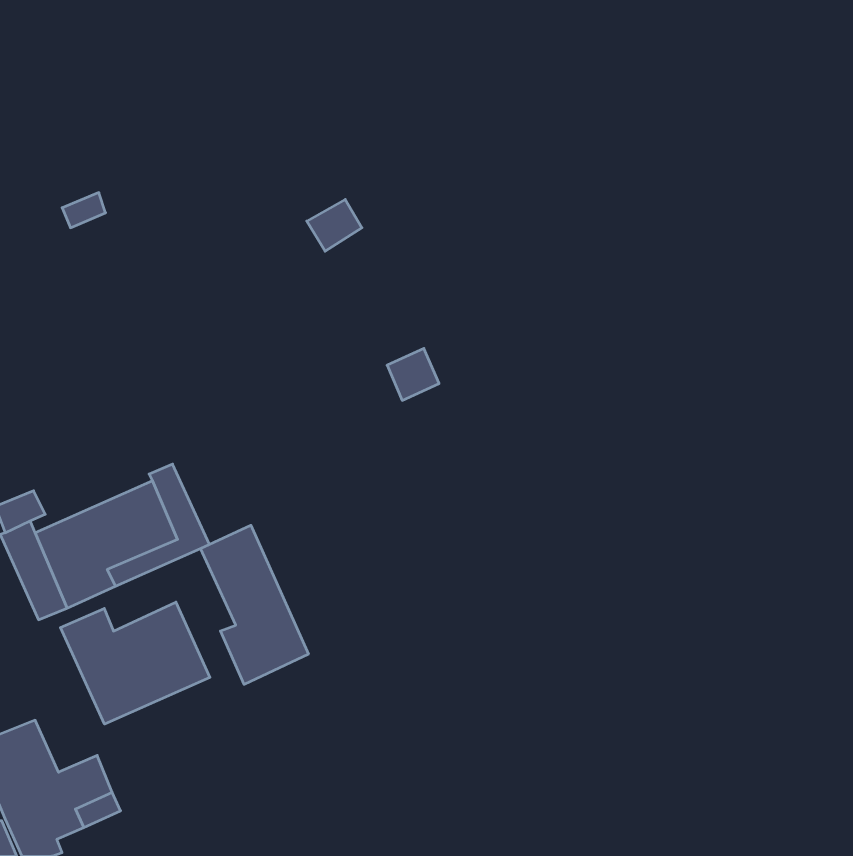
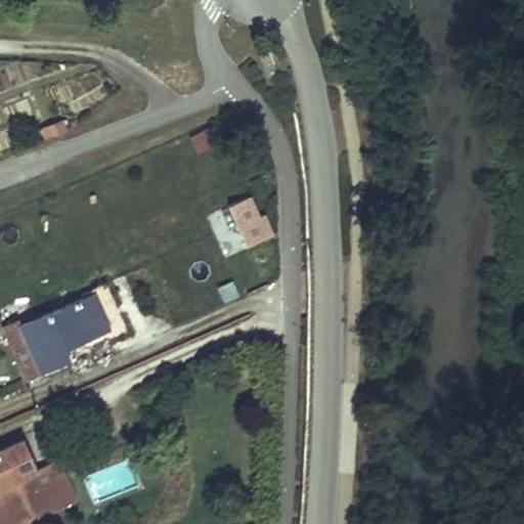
building: [201,525,308,684] -> none
building: [60,602,210,724] -> none

